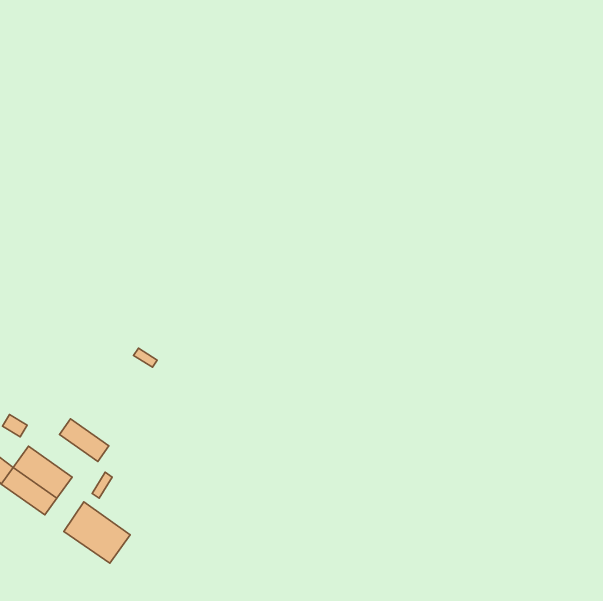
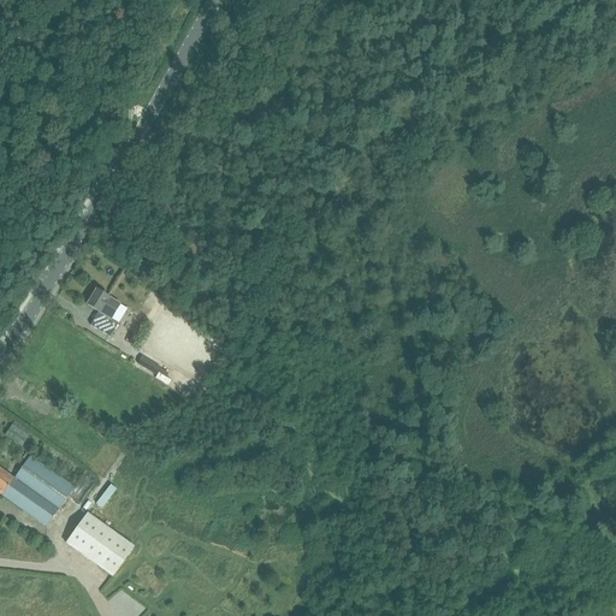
building: none -> [85,288,119,334]
building: [60,419,109,461] -> none

